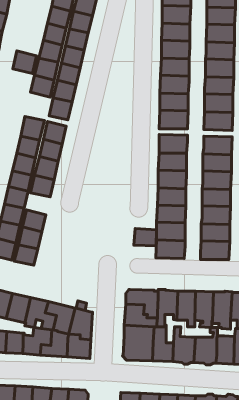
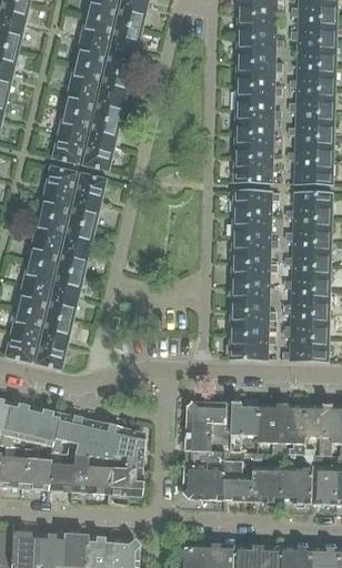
building: [13,51,36,74] -> [51,133,83,164]
building: none -> [51,271,83,301]
building: [134,229,157,246] -> none

